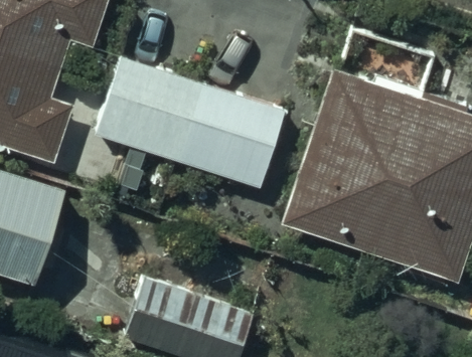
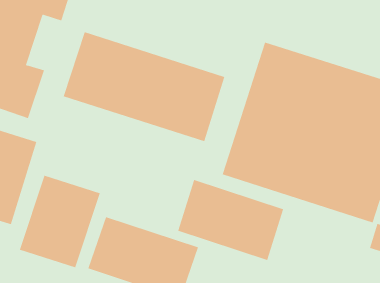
building: none -> [19,175,100,268]
building: none -> [177,179,284,261]

